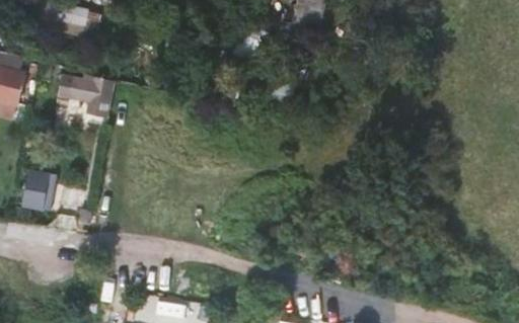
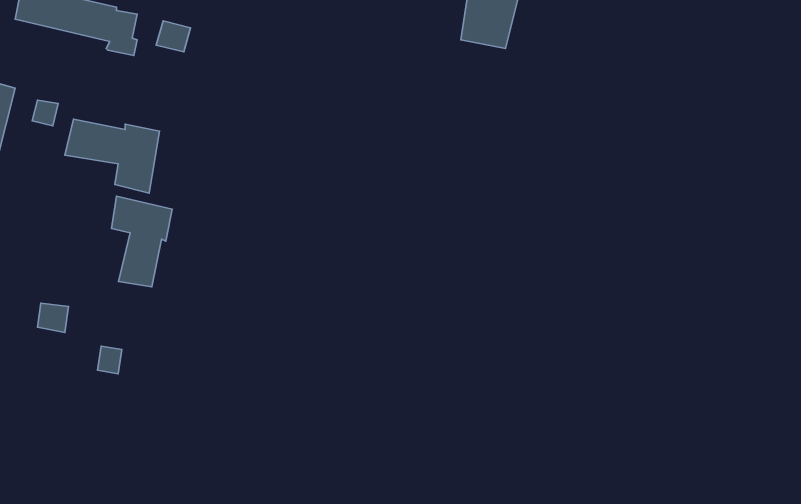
building: none -> [111,196,172,287]

